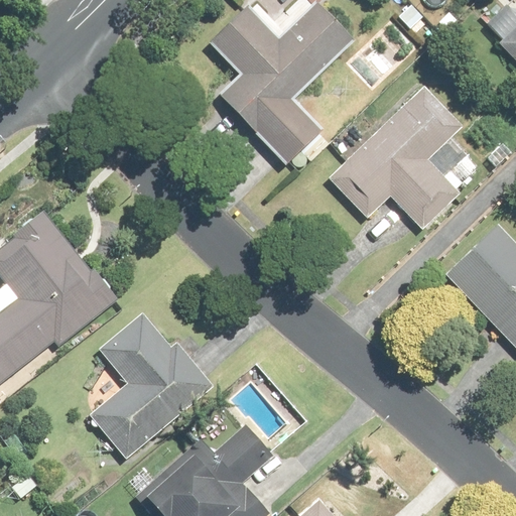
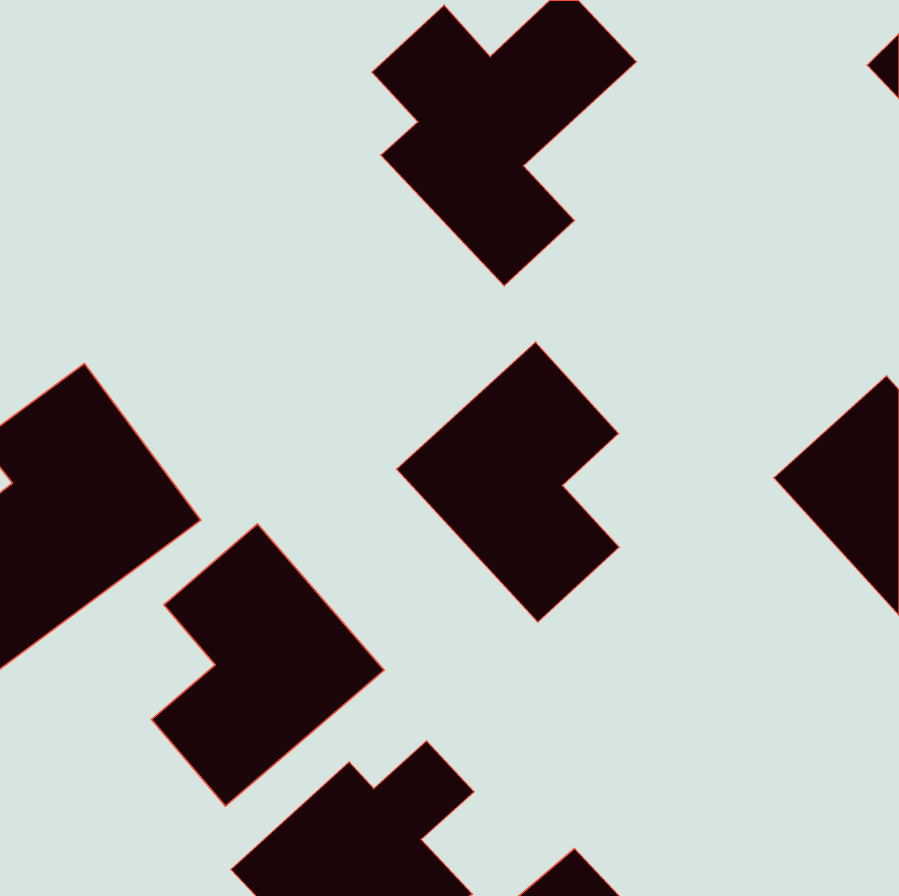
building: [325,83,469,228] -> none
building: none -> [397,342,619,622]

